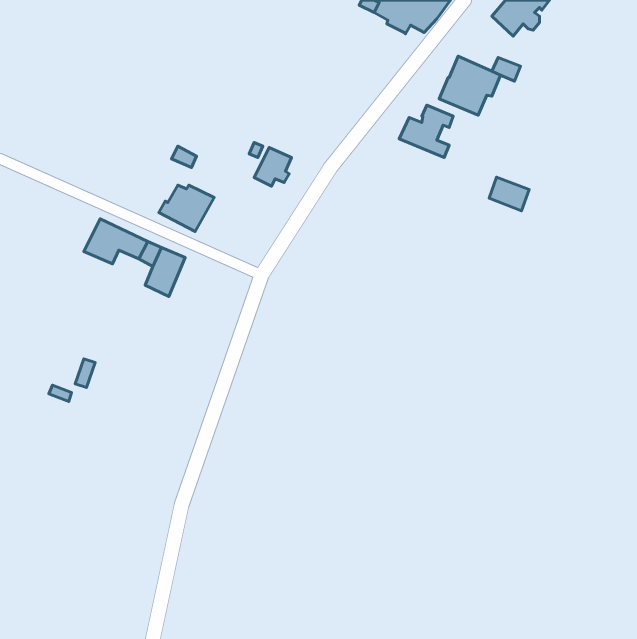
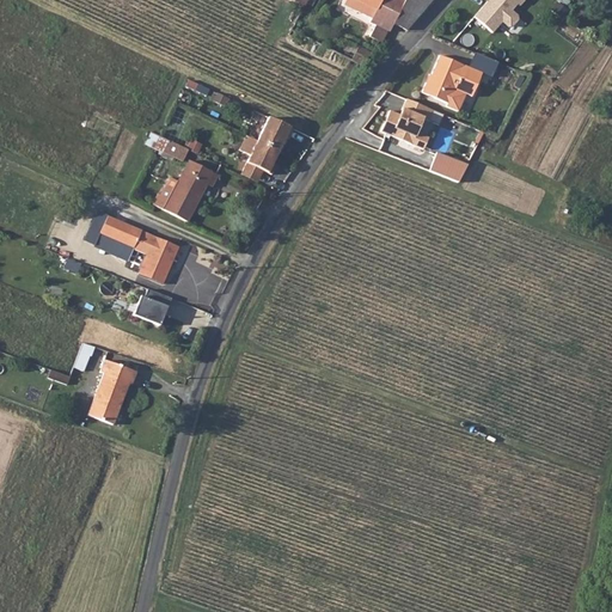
building: none -> [259,117,296,151]
building: none -> [183,160,220,189]
building: [489,177,529,211] -> [428,151,466,183]
building: none -> [131,289,170,324]
building: none -> [88,359,136,423]

